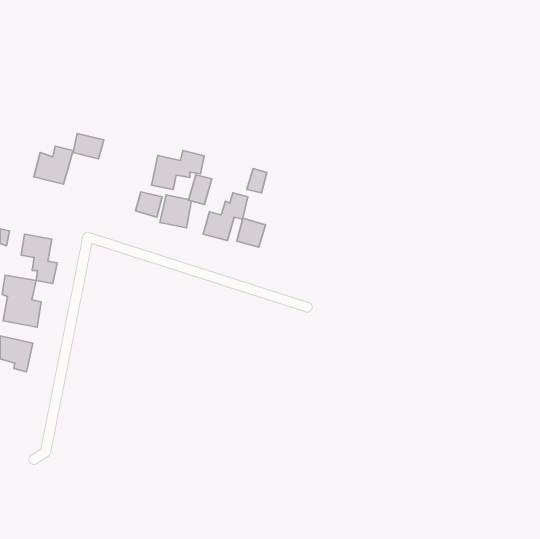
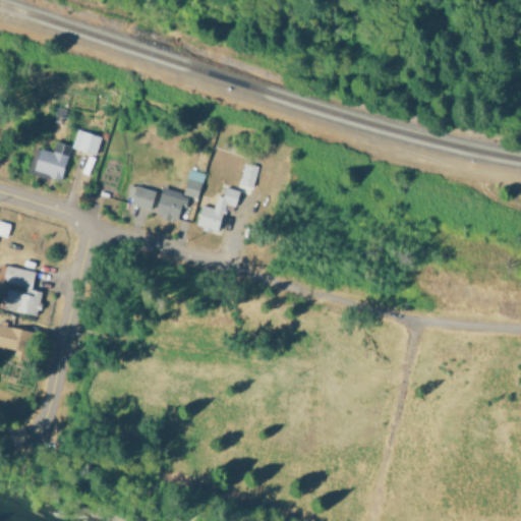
building: [151,150,204,189] -> none
building: [237,218,266,247] -> none
building: [21,234,57,283] -> none

